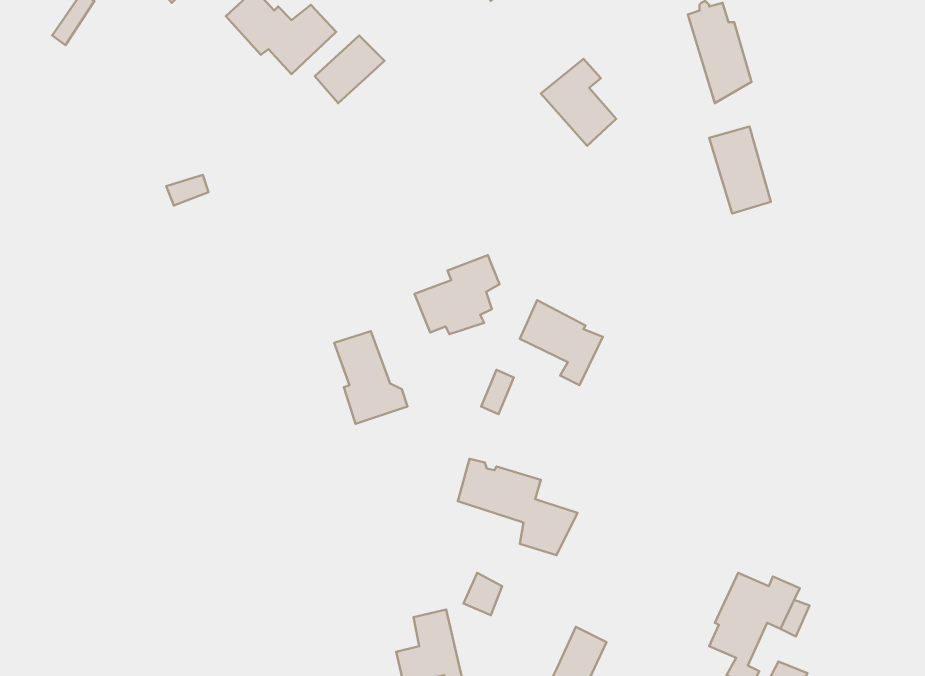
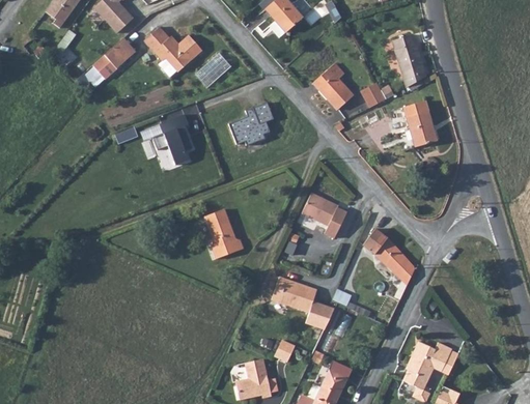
building: none -> [93,36,138,80]
building: none -> [361,81,388,108]
building: none -> [154,113,194,163]
building: [415,255,500,334] -> [226,102,272,144]
building: none -> [365,224,415,283]

